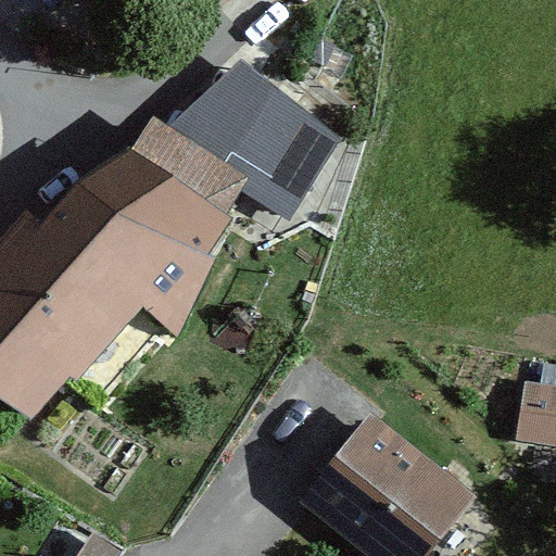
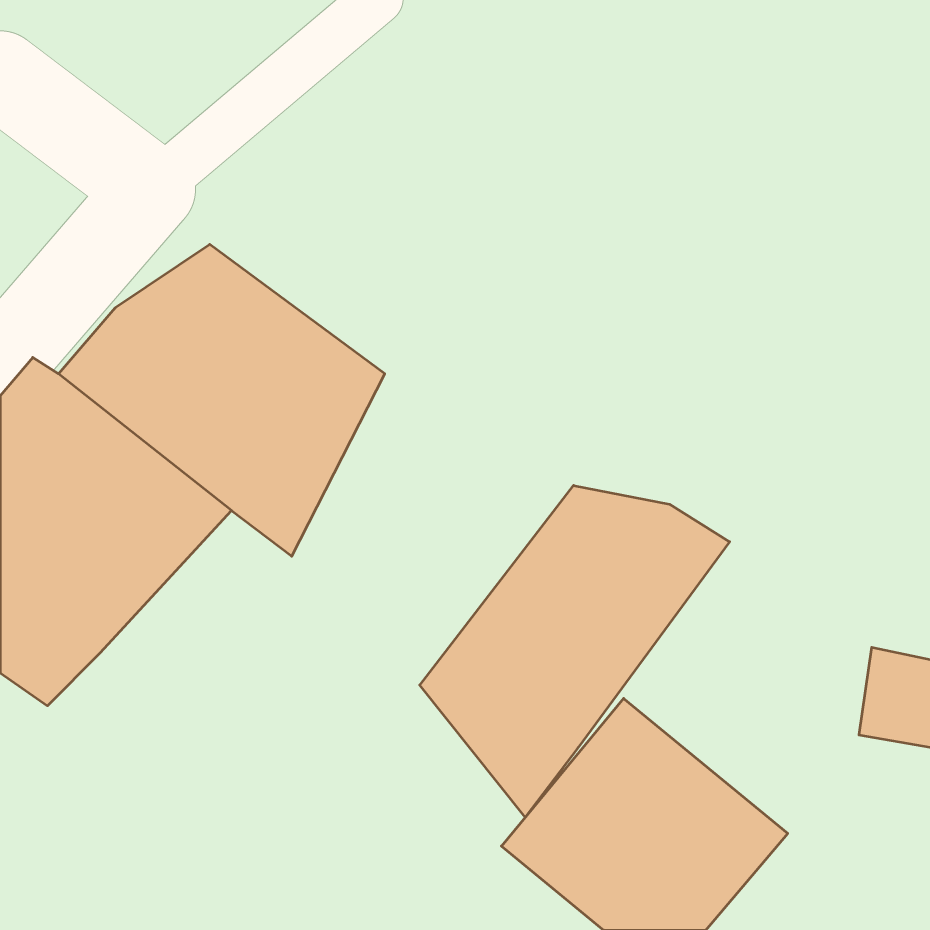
building: [156,60,341,220] -> none
building: none -> [420,485,730,817]

